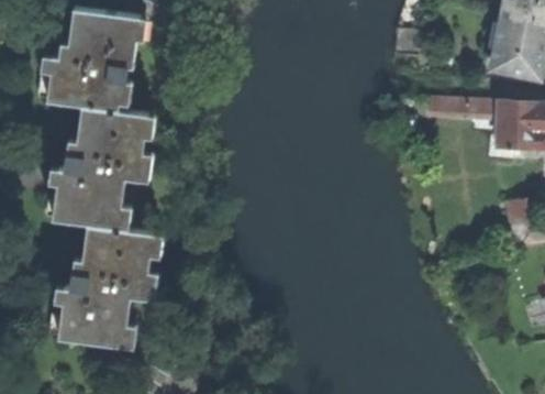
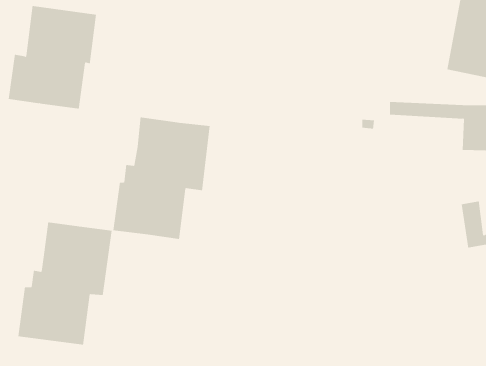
building: [55,106,153,228] -> [112,117,211,239]

